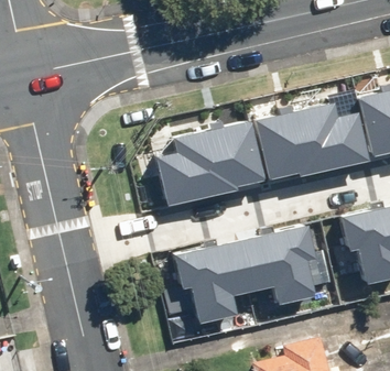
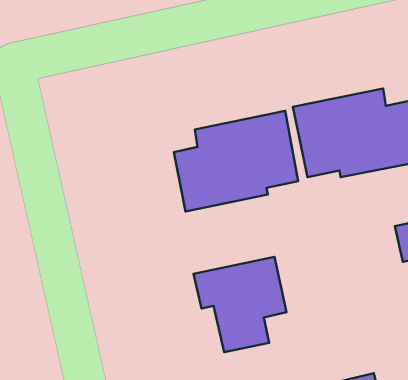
building: [239,228,312,305] -> none

